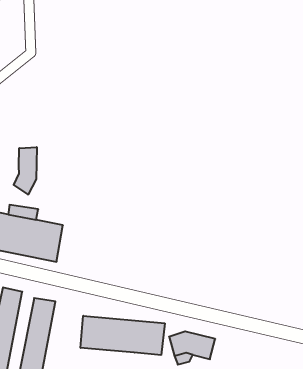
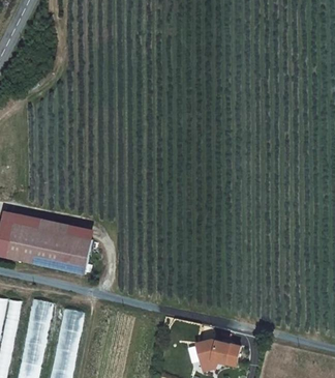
building: [14,147,37,195] -> none
building: [81,316,165,355] -> none

